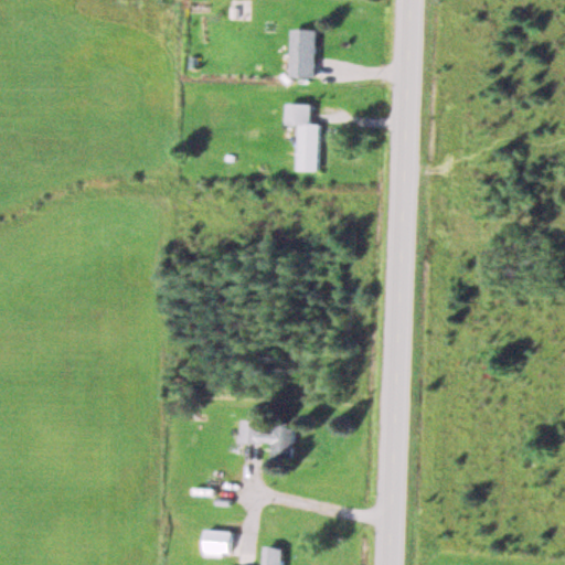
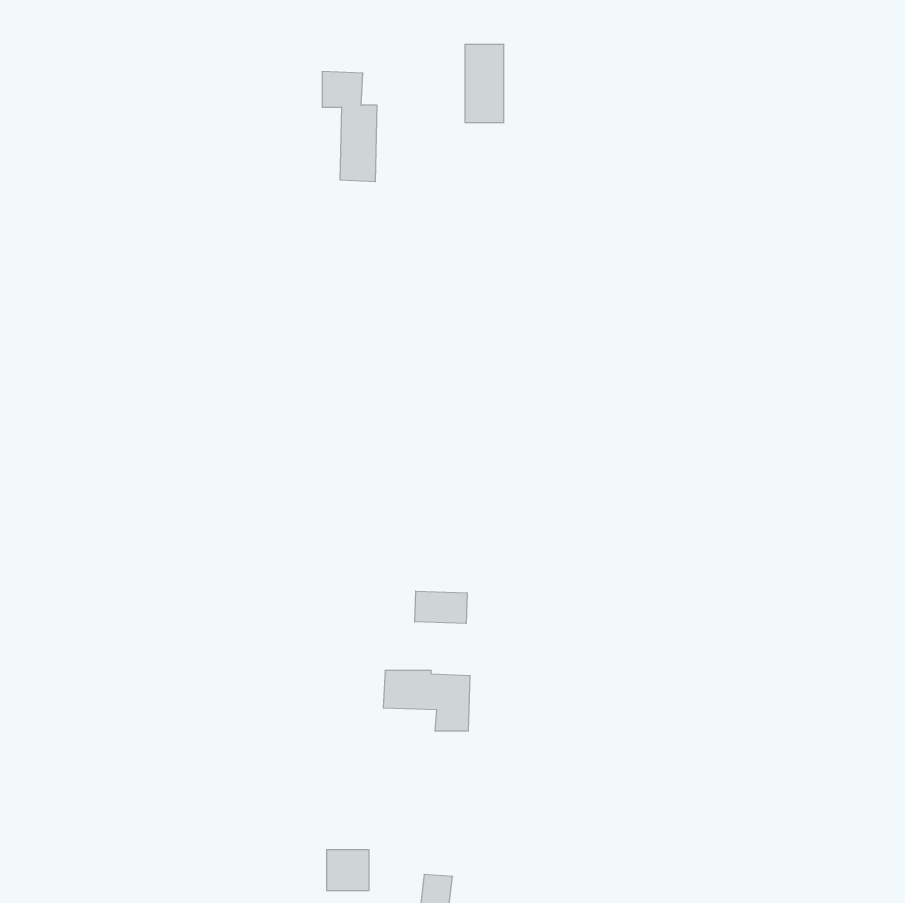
building: [285,104,319,172] -> [322,72,377,182]
building: none -> [415,591,467,624]

